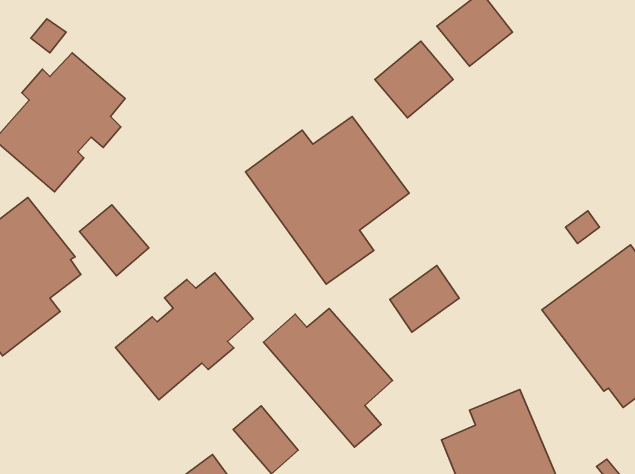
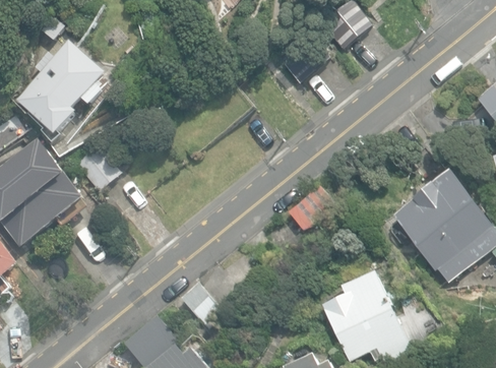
building: [245,117,409,284] -> none
building: [116,273,253,400] -> none
building: [264,309,392,447] -> none

